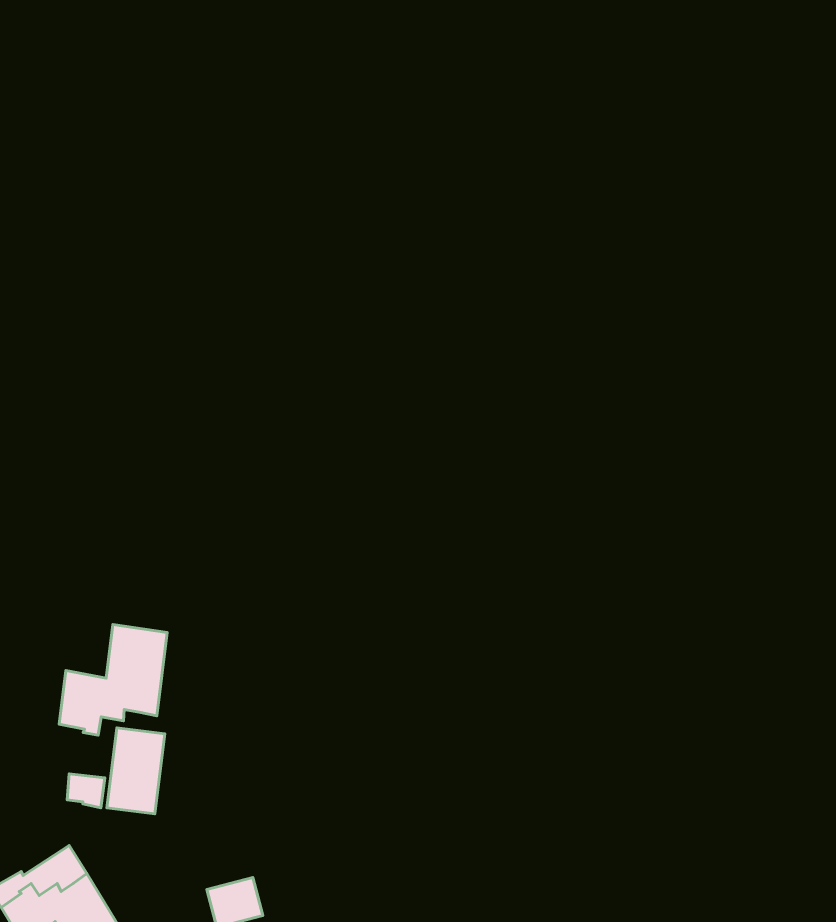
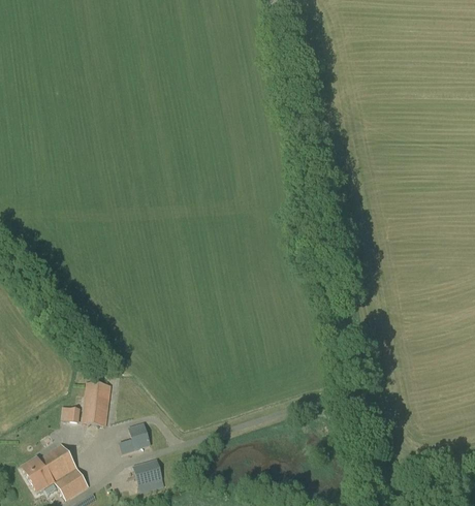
building: [59,625,167,735] -> none
building: none -> [128,422,151,450]

